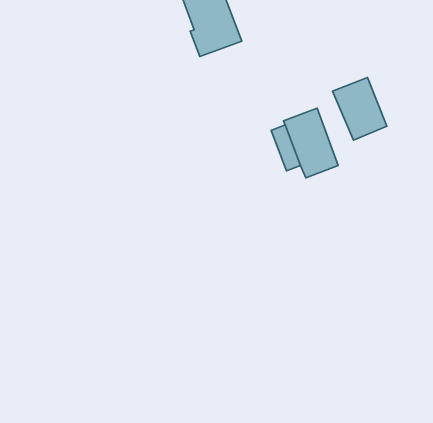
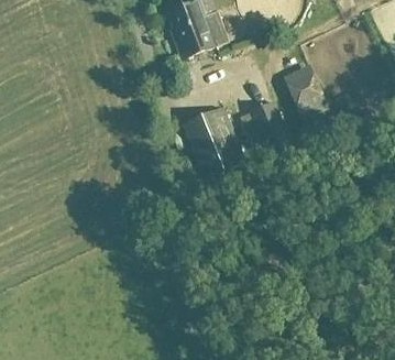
building: none -> [180,103,243,174]

